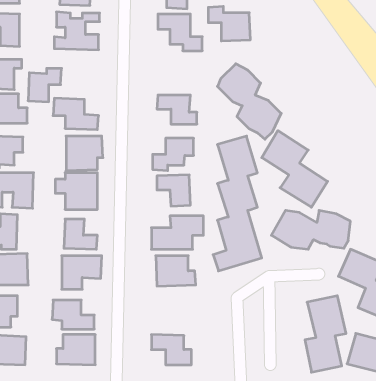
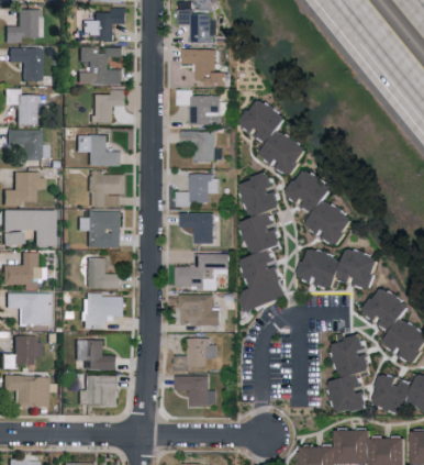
building: [208,6,250,41] -> [176,89,219,124]
building: [28,68,62,102] -> [91,89,125,123]
building: none -> [174,337,214,370]

